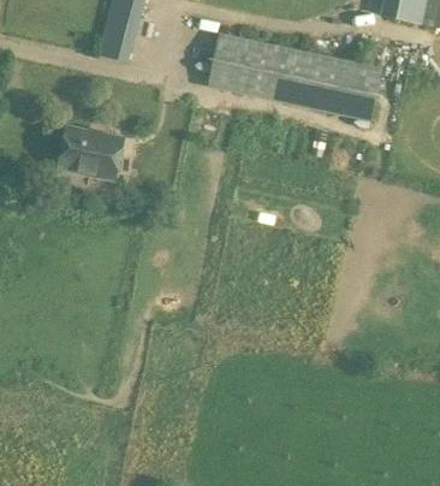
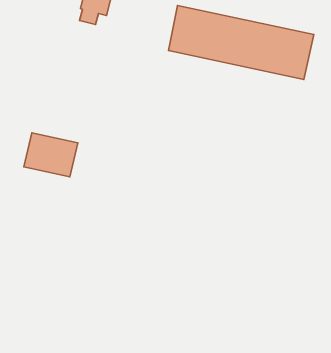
building: [59,126,124,179] -> [24,133,78,177]

